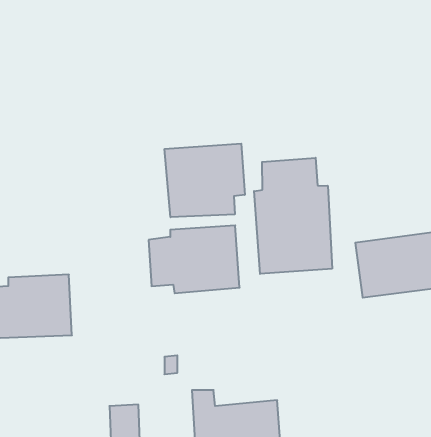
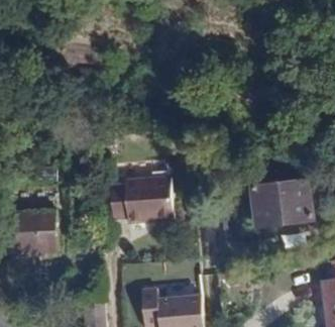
building: [165,144,245,217] -> none
building: [254,158,332,274] -> none

